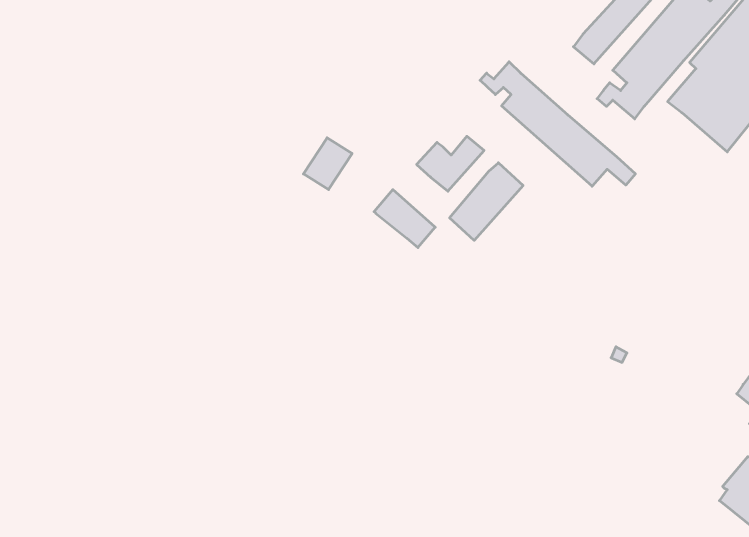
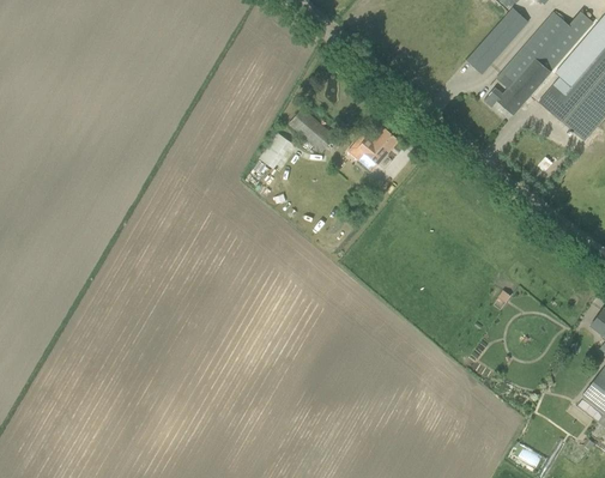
building: [480,62,635,186] -> none
building: [450,163,523,240] -> none
building: [374,190,435,248] -> [288,108,334,152]

